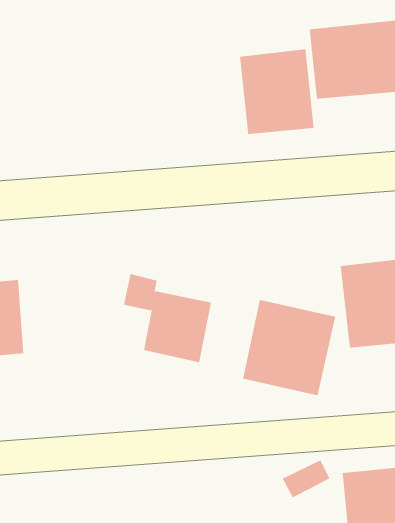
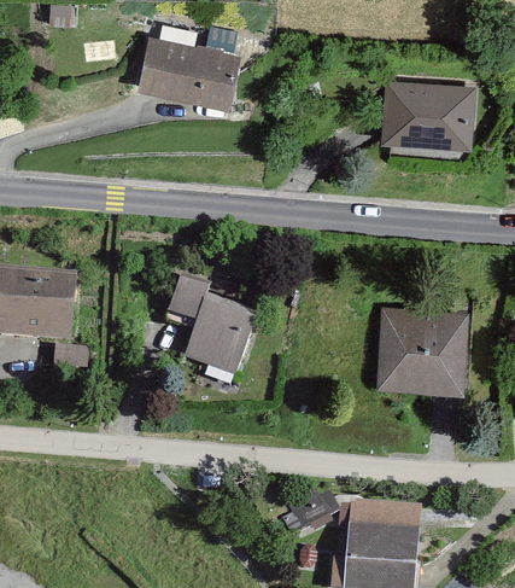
building: none -> [140,30,236,109]
building: [240,48,314,135] -> none
building: [242,299,336,396] -> none

